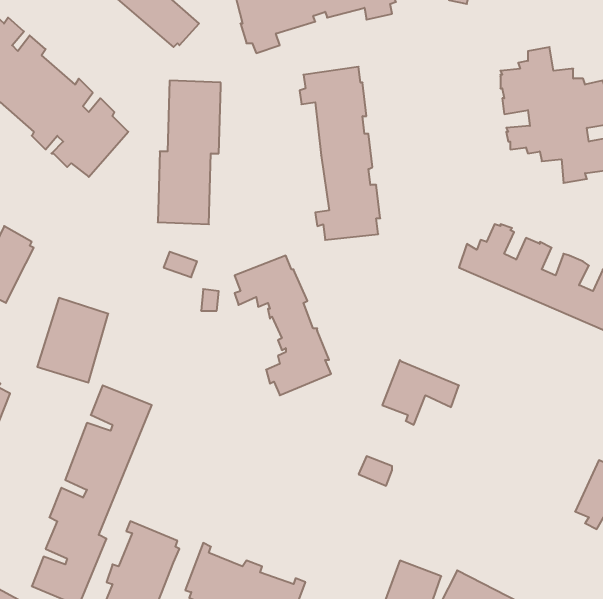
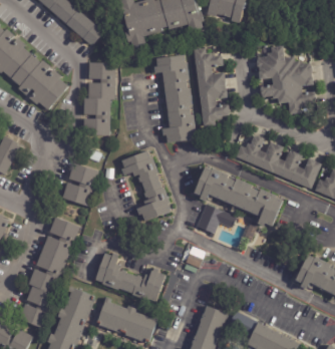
building: none -> [193,47,229,125]
building: none -> [195,166,283,226]
building: [37,298,108,383] -> [61,162,97,206]
building: none -> [95,253,165,302]

